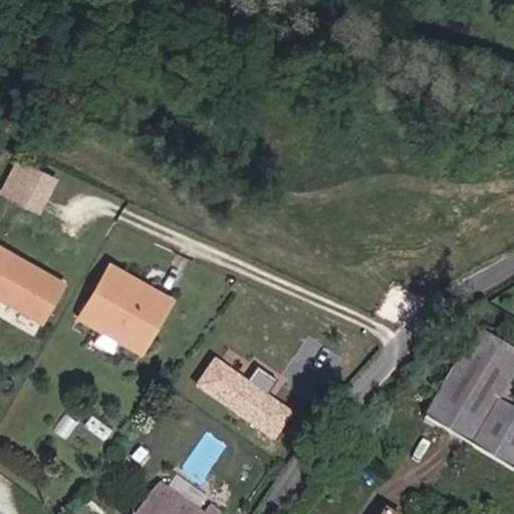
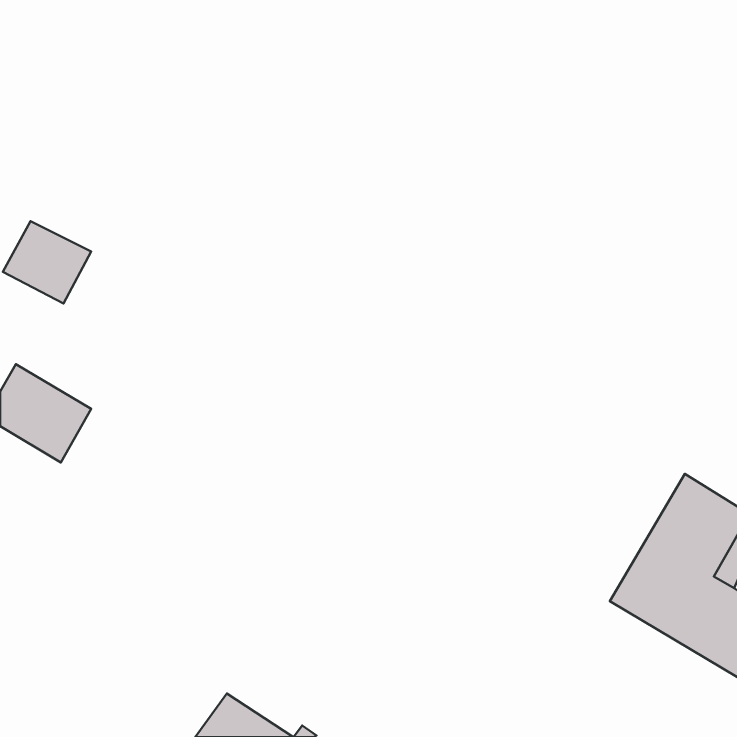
building: [79,263,172,352] -> none
building: [203,364,296,443] -> none

